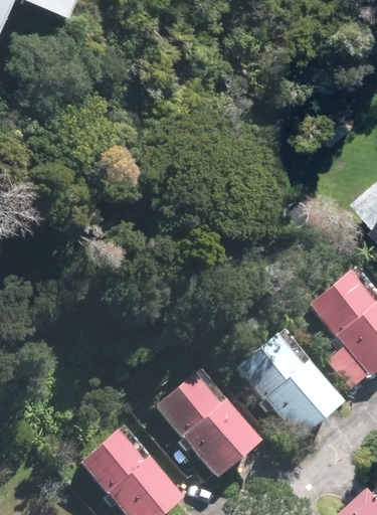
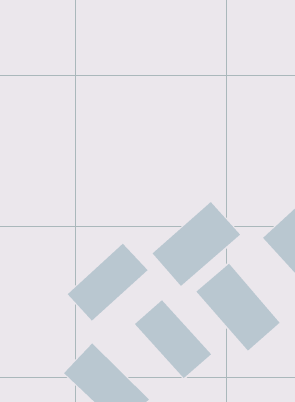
building: none -> [151,201,241,287]
building: none -> [67,243,148,322]

